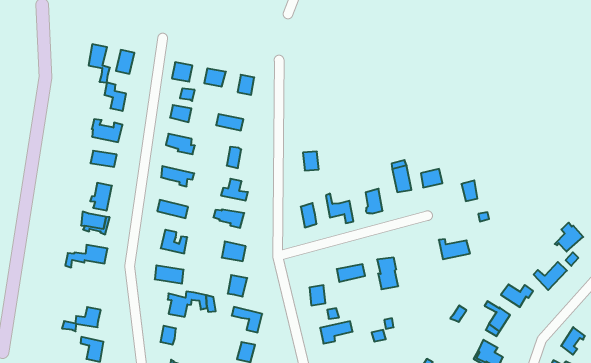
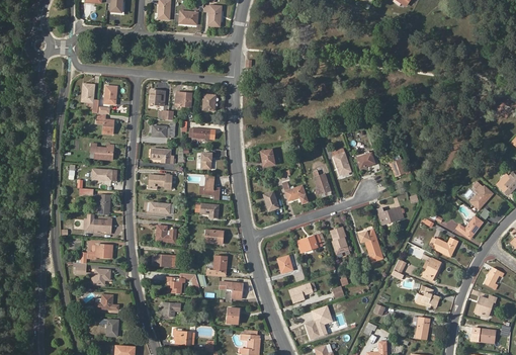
building: none -> [358,228,383,261]
building: none -> [73,262,110,284]

